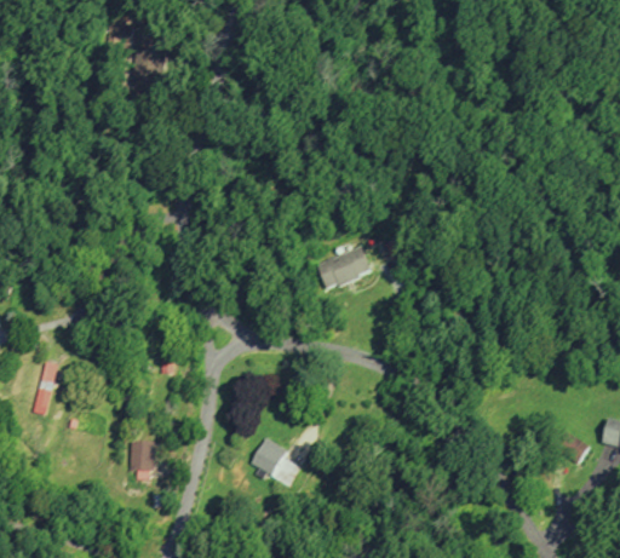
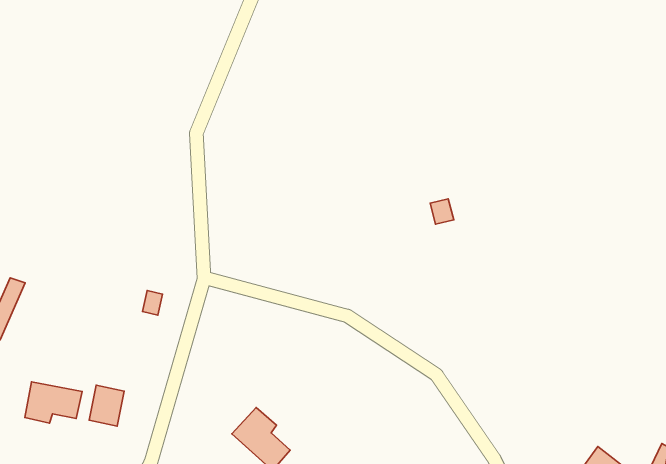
building: [317,246,372,287] -> none
building: none -> [25,382,82,423]

